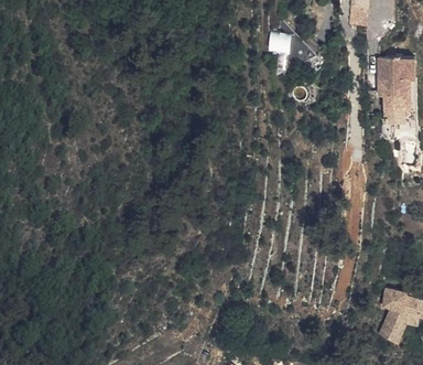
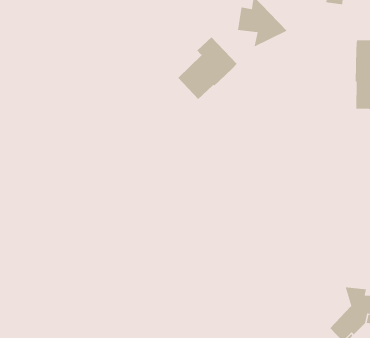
building: none -> [178,36,238,100]

